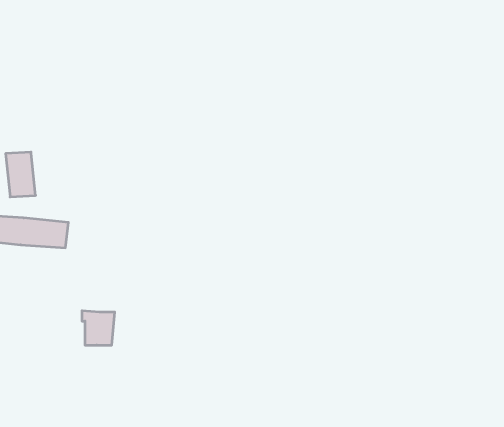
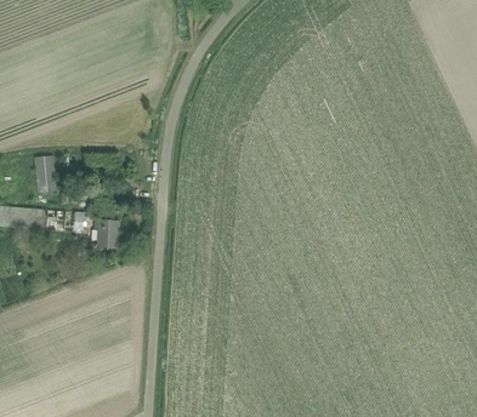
building: [82,311,115,345] -> [92,219,119,247]

